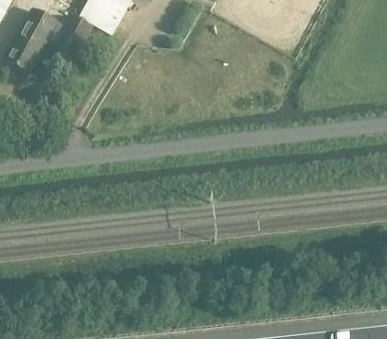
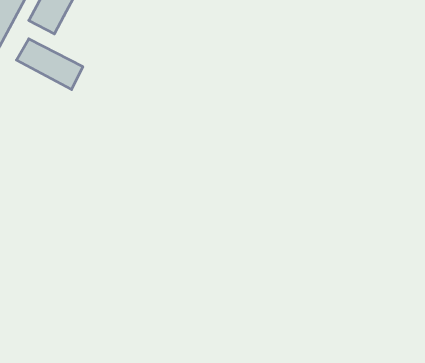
building: none -> [16,39,83,90]

